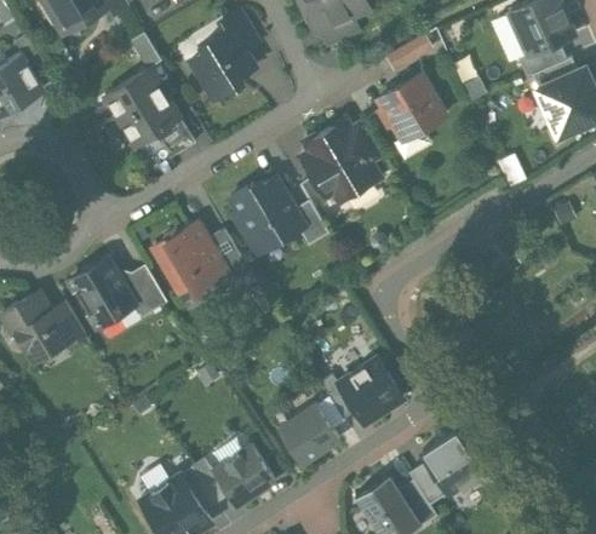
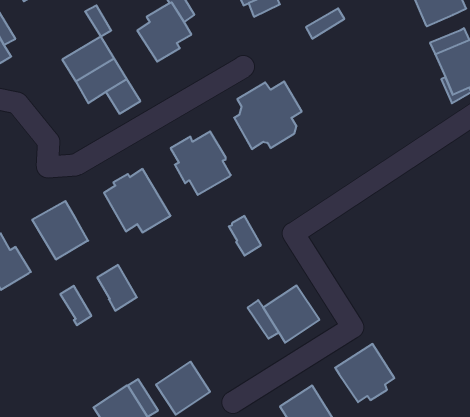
building: [517,42,566,77] -> none
building: [378,74,443,139] -> none
building: [290,200,327,246] -> [229,216,261,256]
building: [207,230,245,276] -> none
building: [119,265,165,318] -> [97,265,137,311]
building: [48,303,85,349] -> [60,286,91,325]
building: [276,403,338,465] -> none
building: [407,460,447,505] -> none

